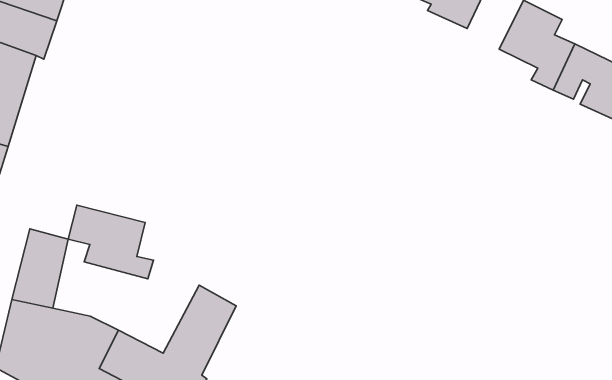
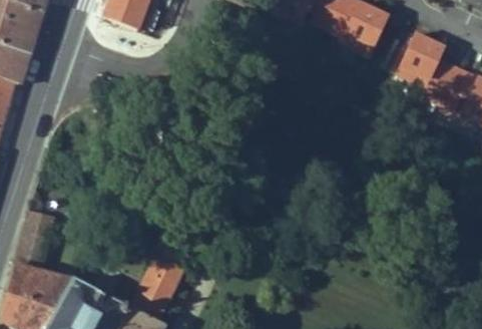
building: [68,205,153,279] -> none

